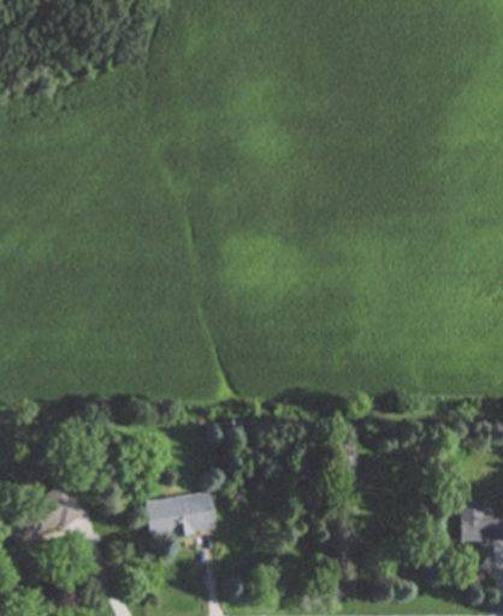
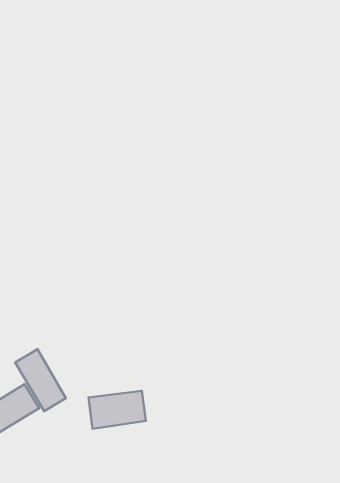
building: none -> [15,349,66,411]

